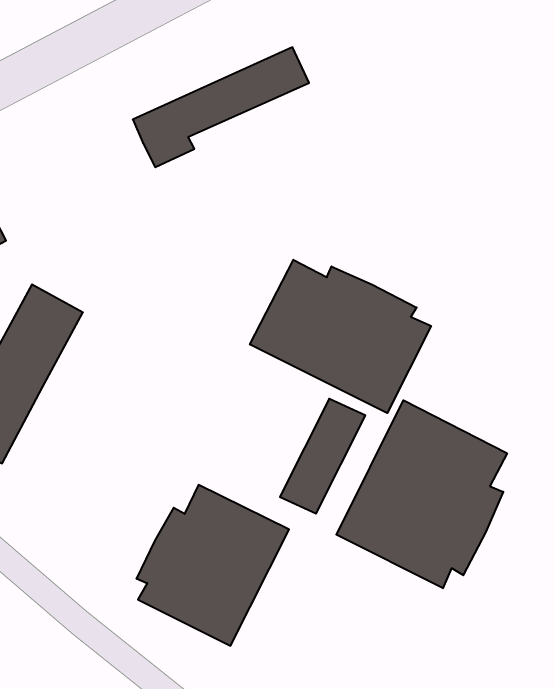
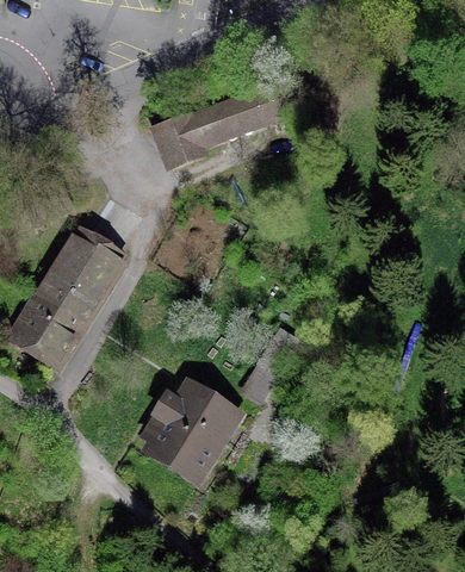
building: [250,260,431,413] -> none
building: [336,400,507,588] -> none

